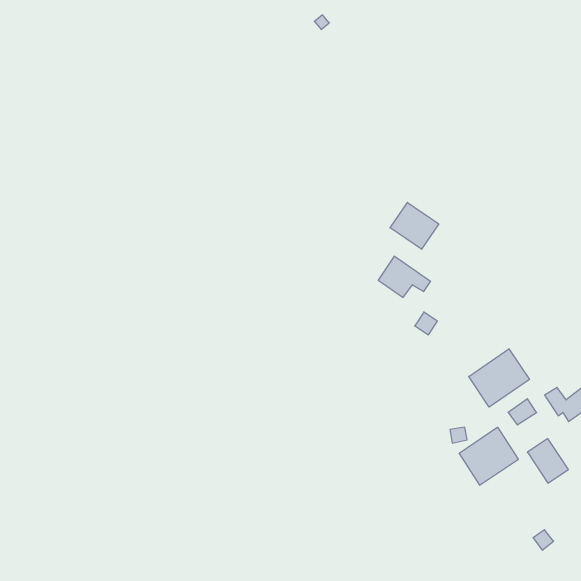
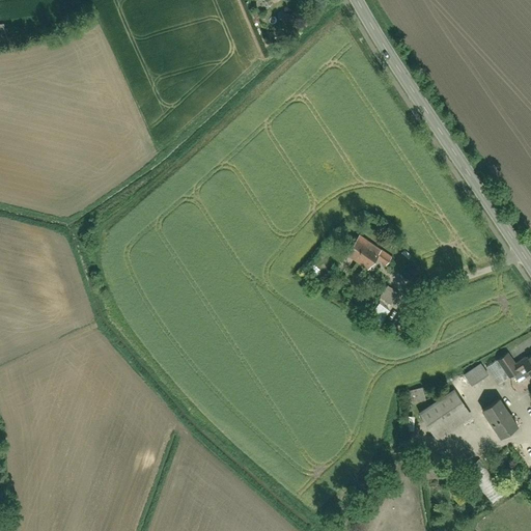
building: [390,202,439,249] -> none
building: [469,349,529,407] -> none

